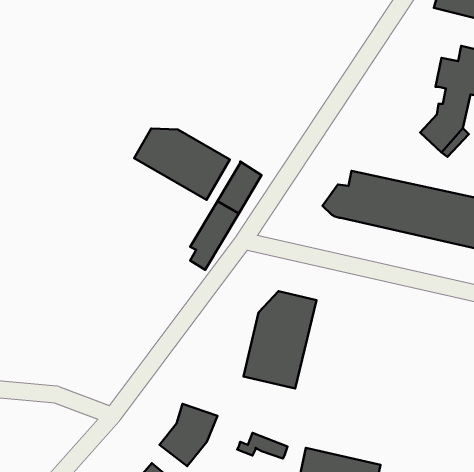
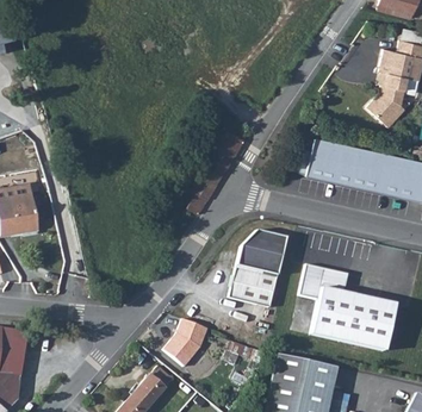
building: [134,129,230,200] -> none
building: none -> [299,264,395,350]

